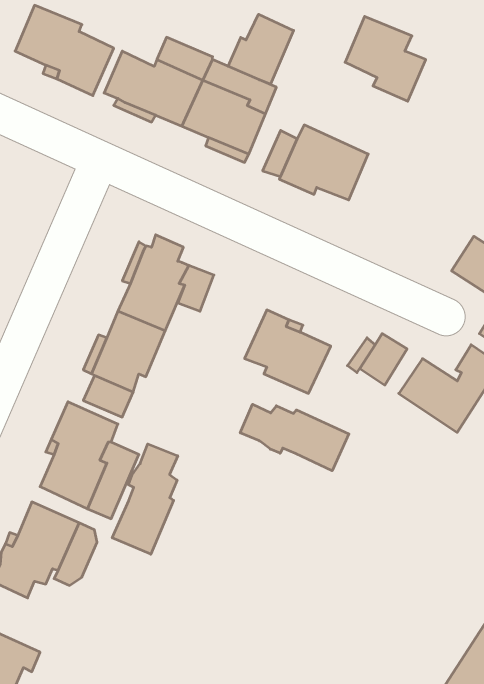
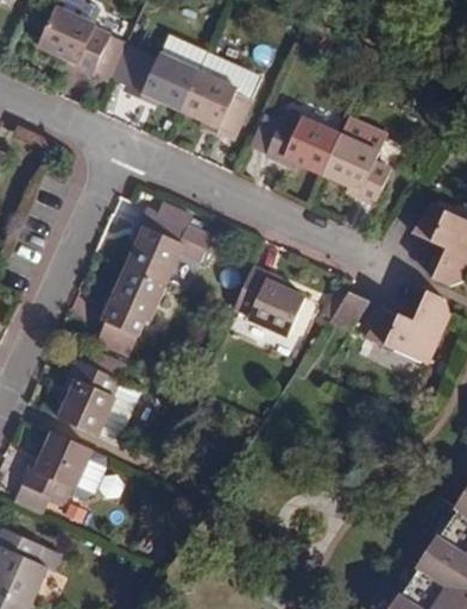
building: [228,14,294,84] -> none
building: [345,16,426,101] -> [323,132,392,205]
building: [240,404,349,471] -> none
building: [112,444,178,554] -> none

